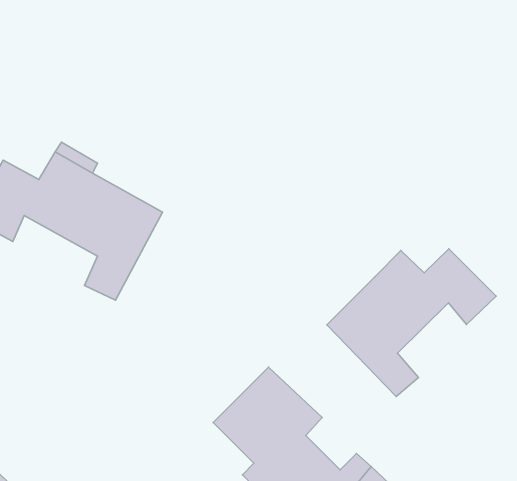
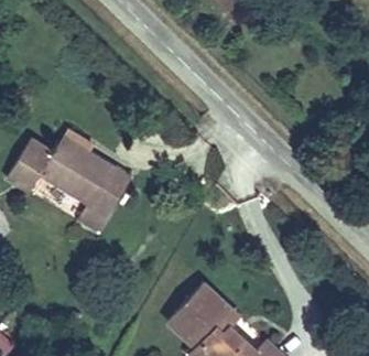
building: [327,249,496,397] -> none

